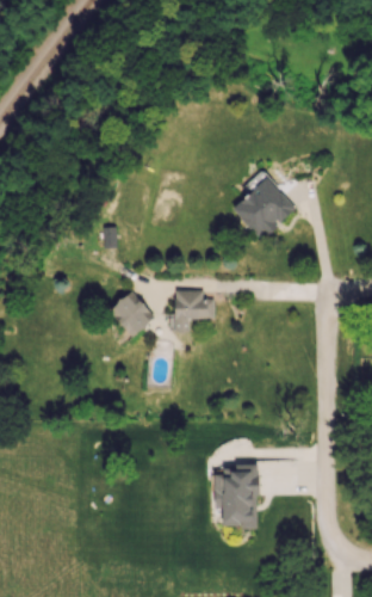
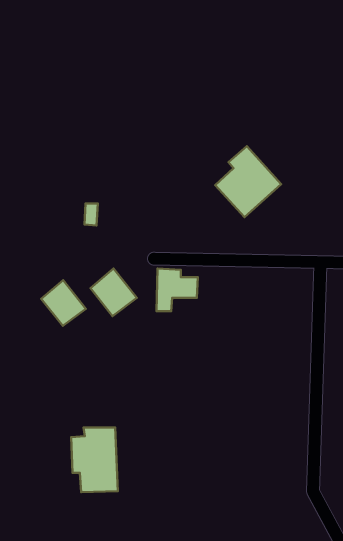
building: none -> [41,280,86,326]
building: [213,464,259,528] -> [71,427,118,492]

